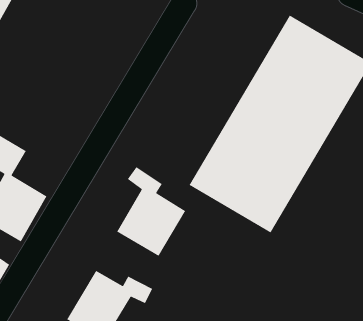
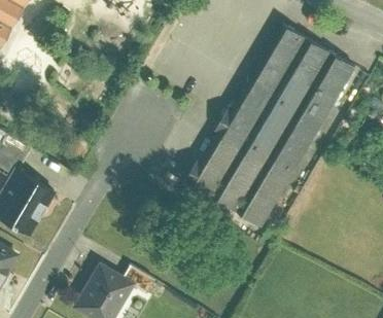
building: [116,166,186,257] -> none

